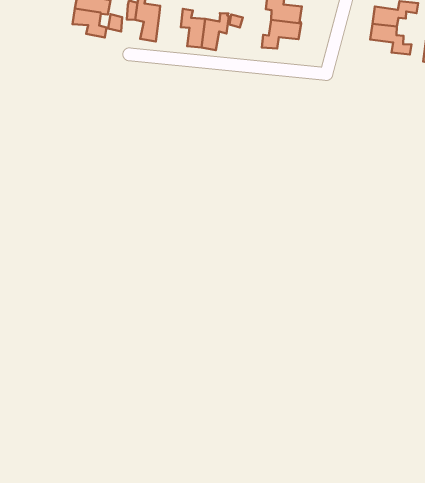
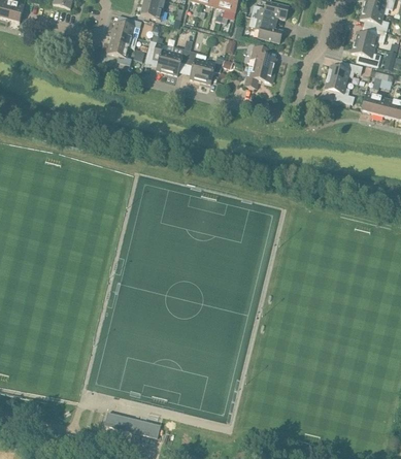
building: none -> [167,46,190,75]

